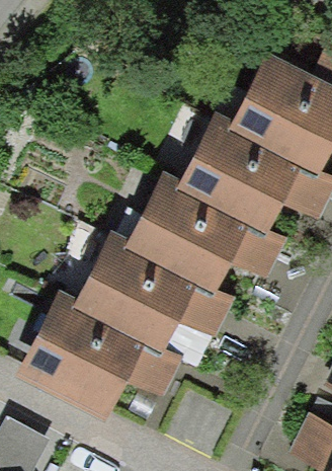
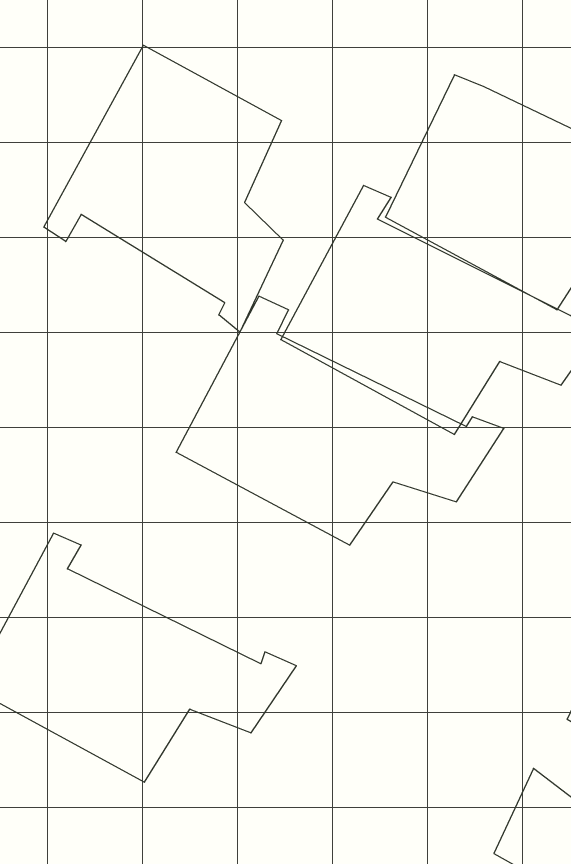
building: none -> [44,45,283,332]
building: [73,230,240,358] -> none

